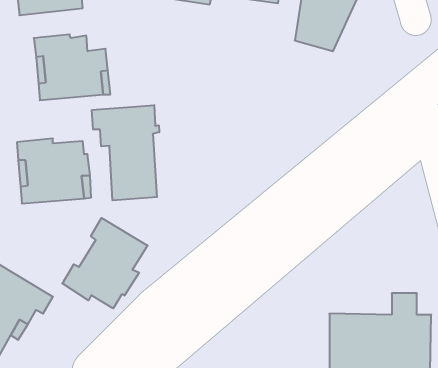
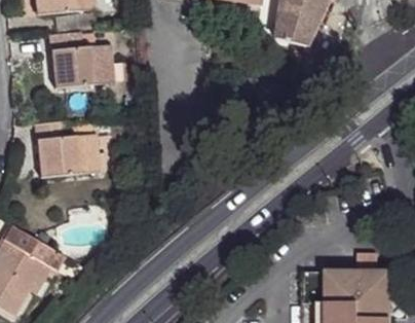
building: [92,105,159,200] -> none
building: [62,218,148,308] -> none

